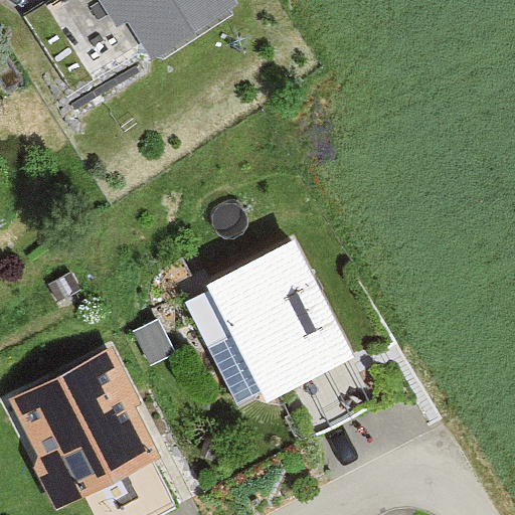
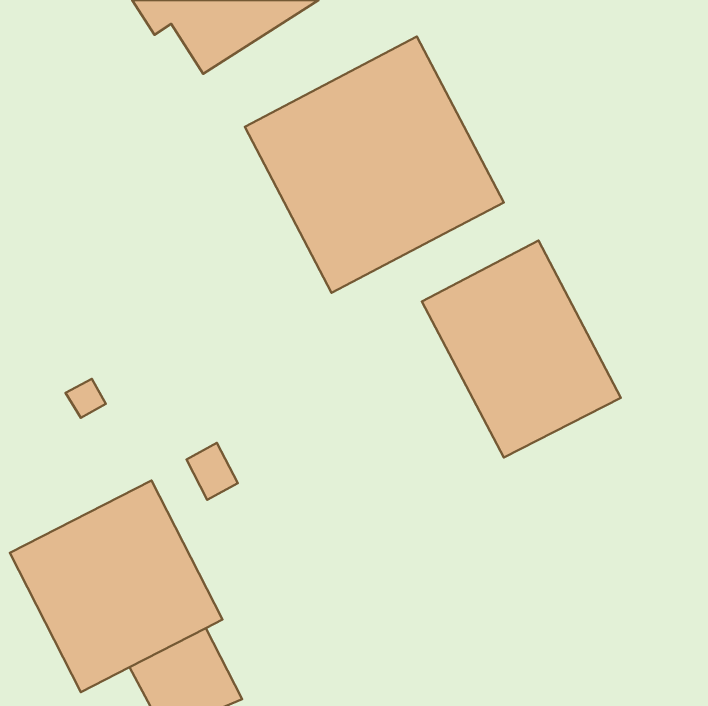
building: none -> [245,37,504,293]
building: [207,238,351,395] -> [422,240,621,458]

